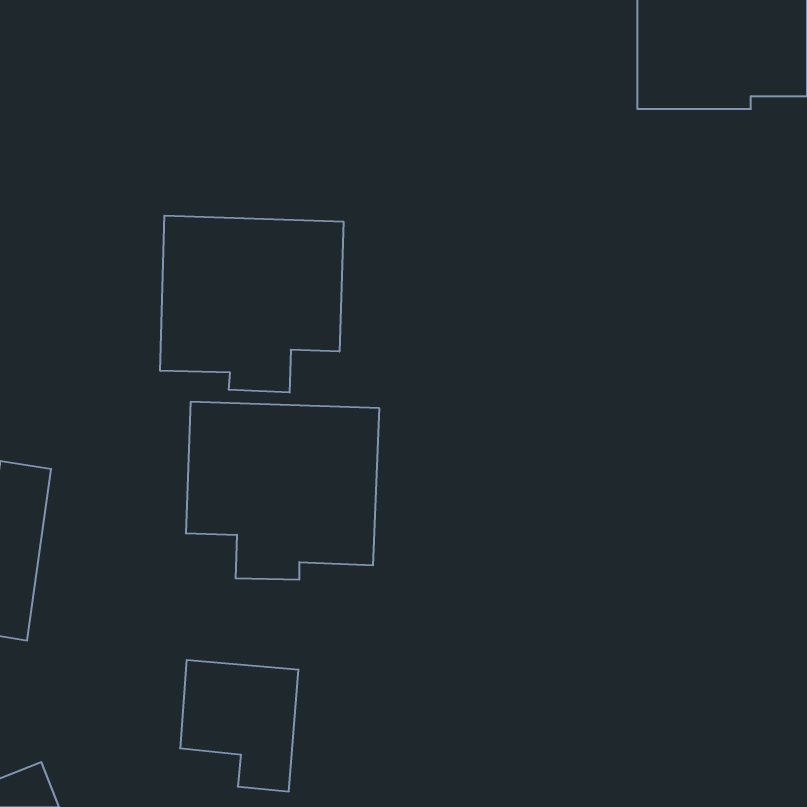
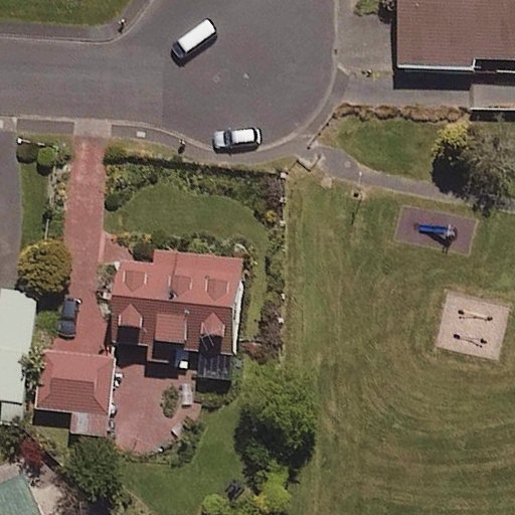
building: [160,216,343,393] -> none
building: [180,660,299,791] -> [34,352,109,435]

